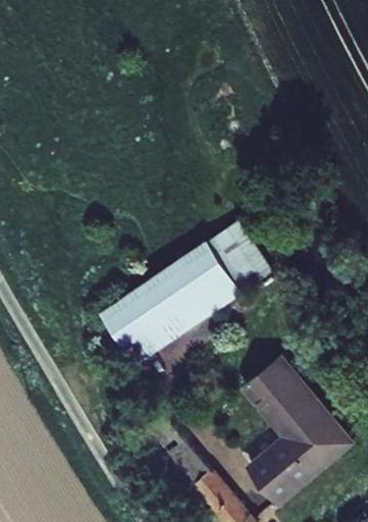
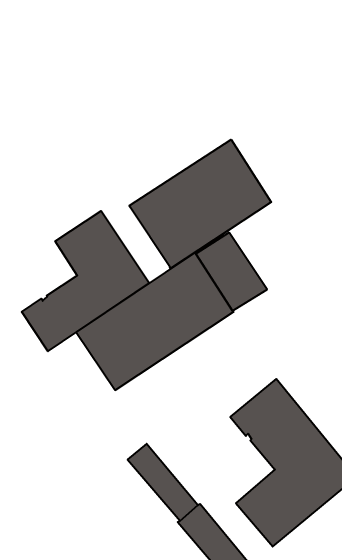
building: none -> [129,140,271,268]
building: none -> [22,211,149,351]

